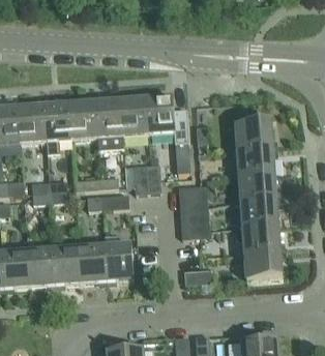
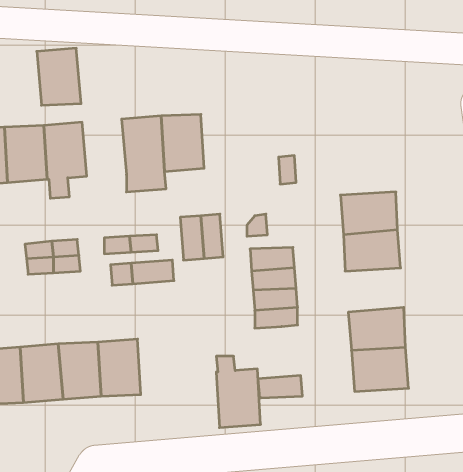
building: [146,95,188,142] -> none
building: [68,100,97,138] -> [37,48,81,105]
building: [235,120,273,150] -> none
building: [240,198,278,227] -> none
building: [105,234,134,280] -> [216,356,261,428]

